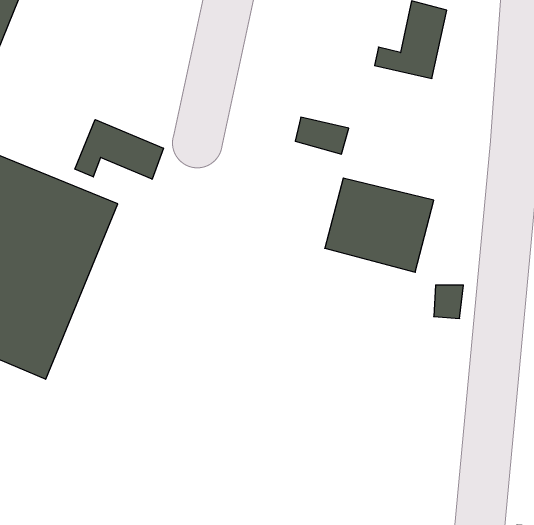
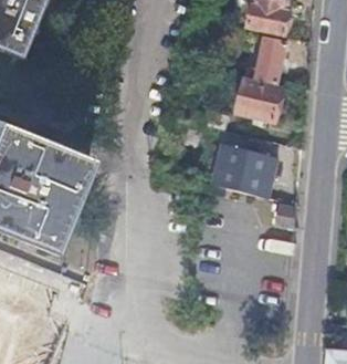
building: none -> [239,79,285,121]
building: [75,120,163,179] -> none

